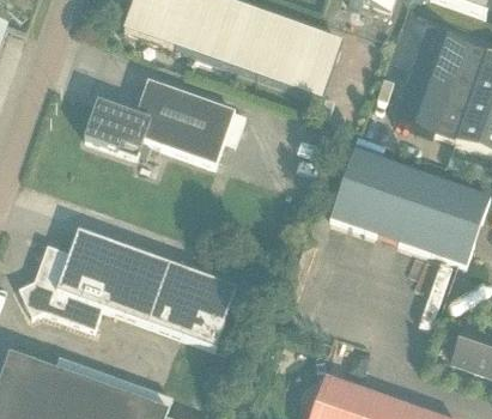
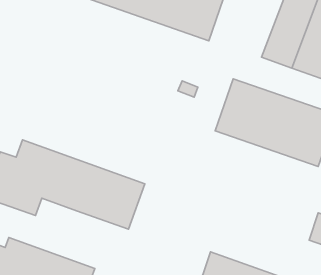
building: [86,78,236,164] -> none

